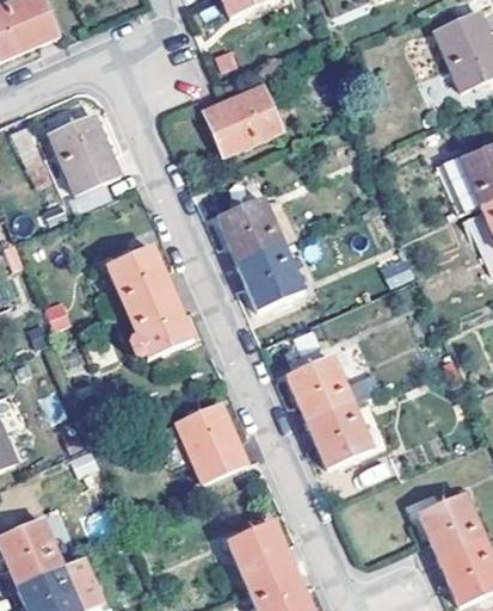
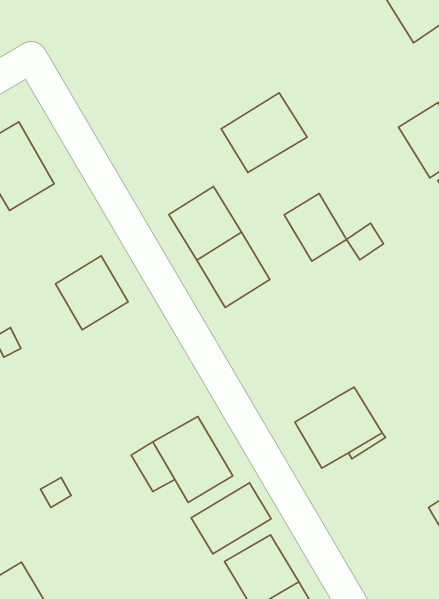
building: [205,86,283,155] -> [221,93,307,172]
building: none -> [284,193,347,261]
building: [125,292,191,359] -> none
building: [289,357,353,422] -> none
building: none -> [191,483,271,554]

